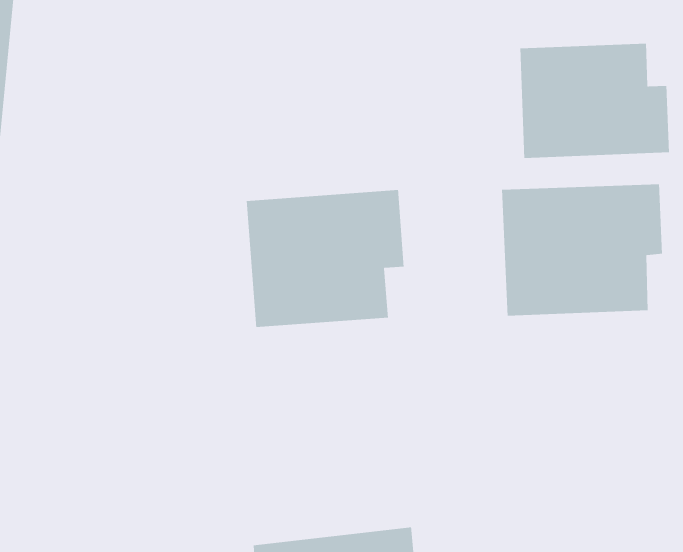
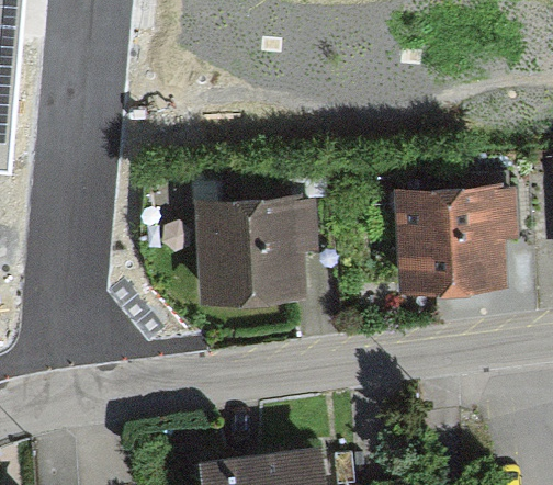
building: [519,43,670,159] -> none

